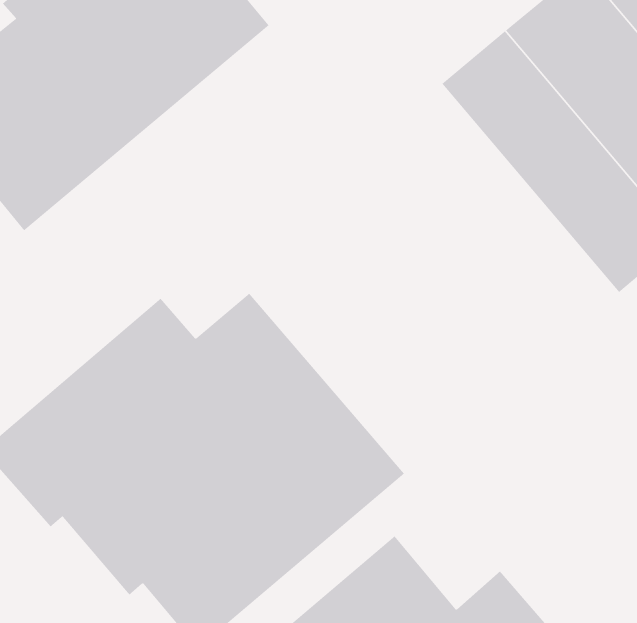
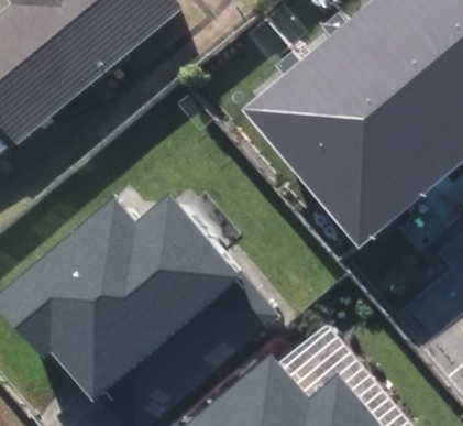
building: none -> [241,58,415,244]

